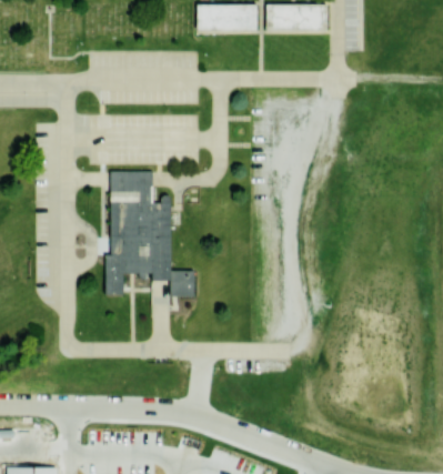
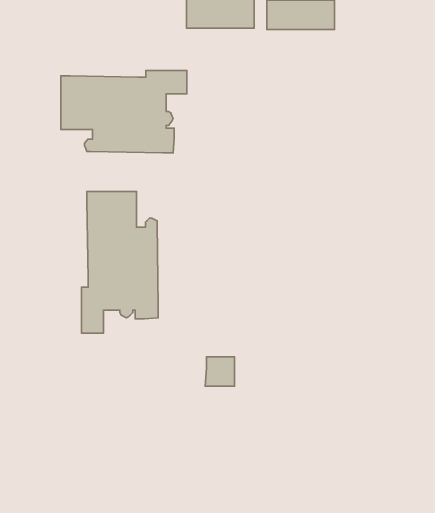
building: none -> [61,70,187,153]
building: [171,271,197,296] -> [205,357,235,386]

